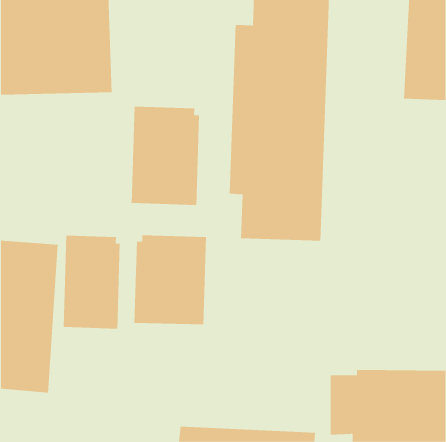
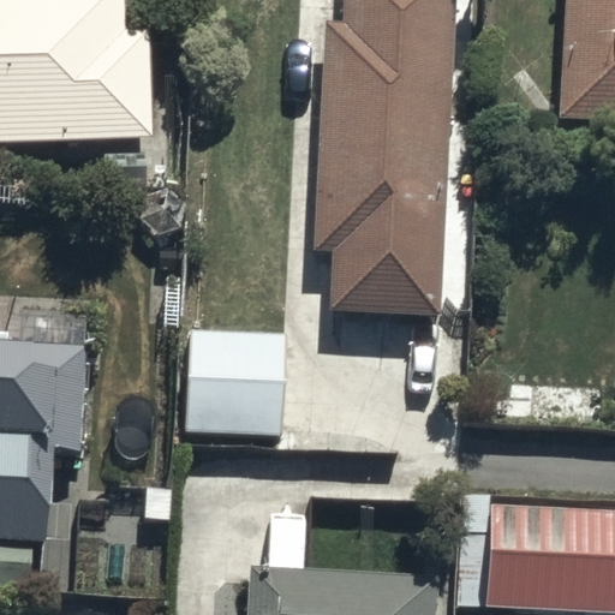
building: [131,106,199,206] -> none
building: [63,235,120,330] -> none

